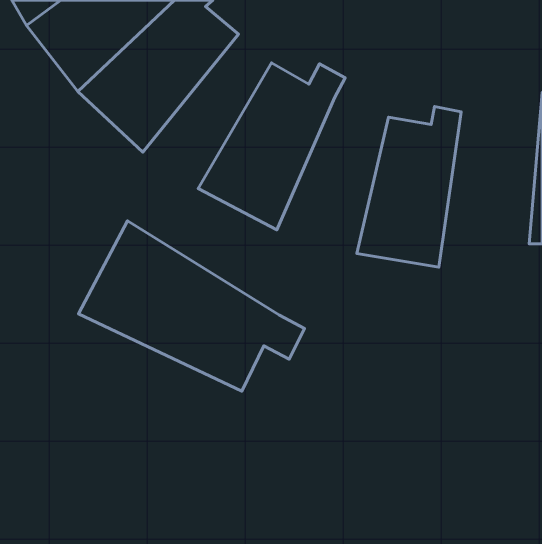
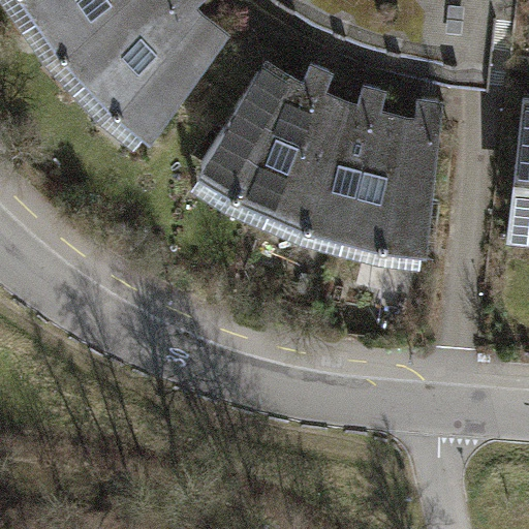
building: none -> [269,88,384,246]
building: [78,221,305,391] -> none

